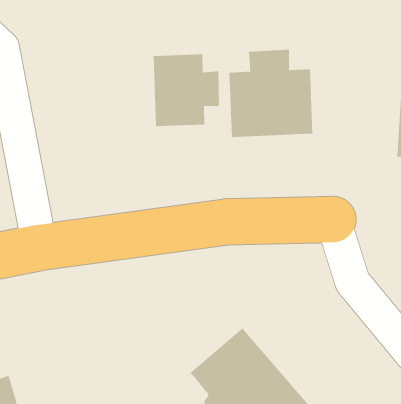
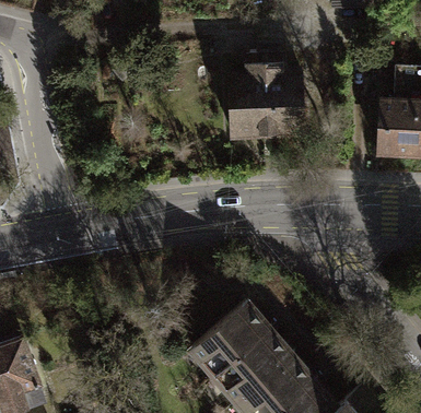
building: [153,54,220,127] -> none

